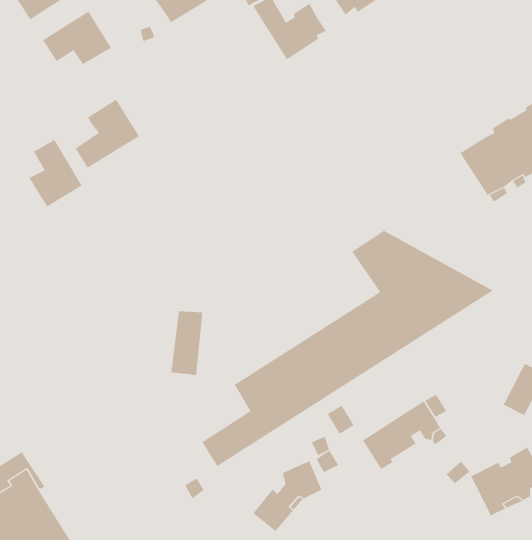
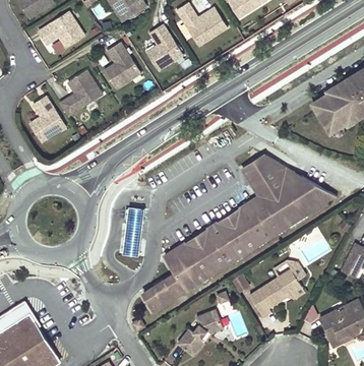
building: none -> [145,22,182,68]
building: none -> [103,41,138,86]

